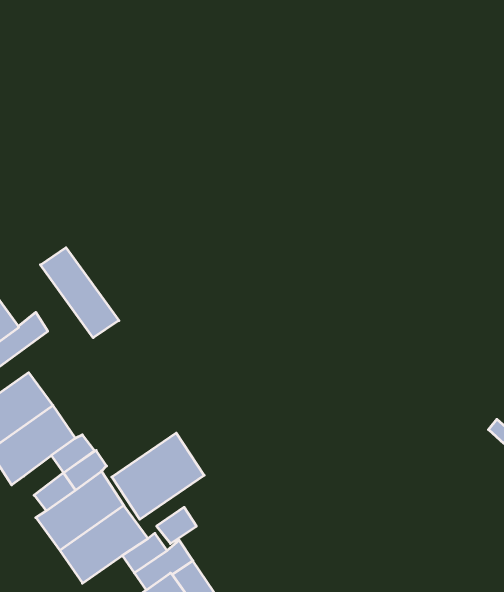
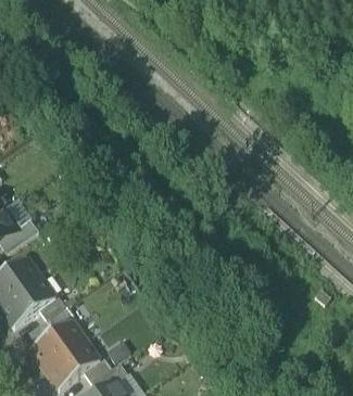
building: [40,248,119,338] -> none
building: [112,433,204,519] -> none

